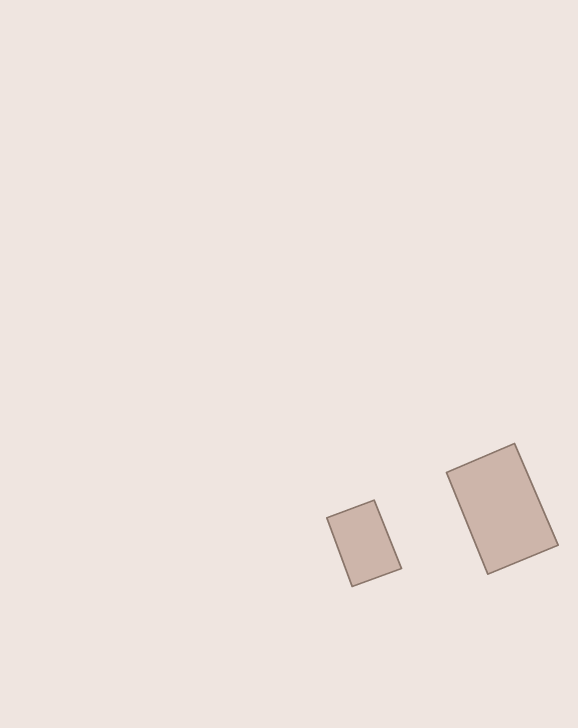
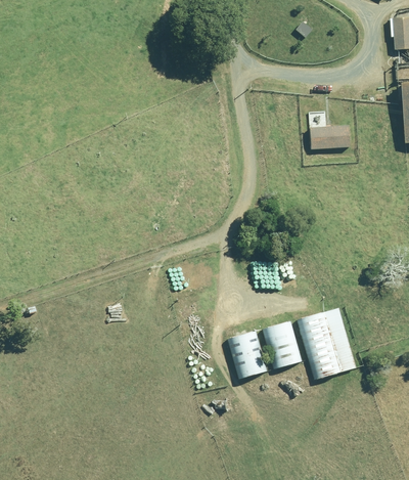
building: none -> [311,112,349,148]
building: none -> [263,320,301,367]

